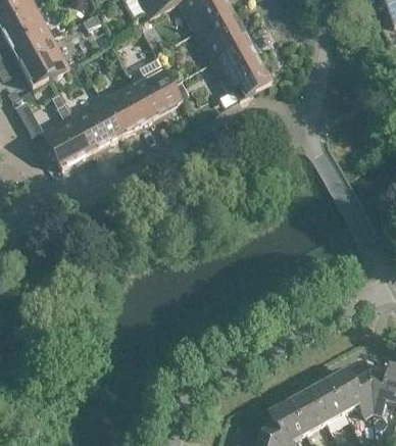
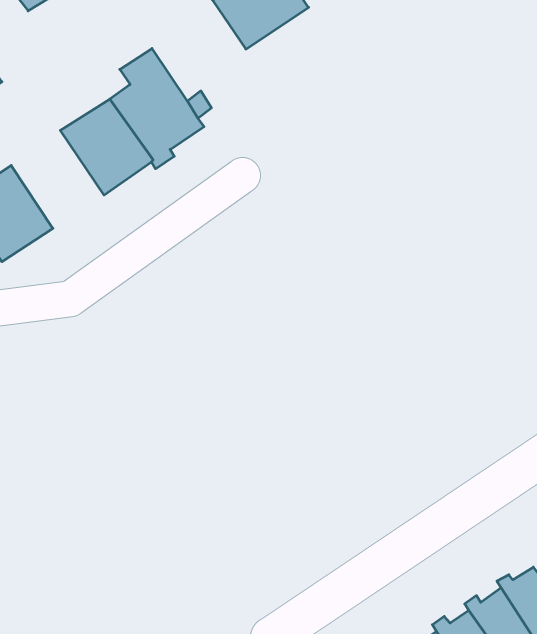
building: [209,39,270,99] -> none
building: [70,96,121,151] -> none

